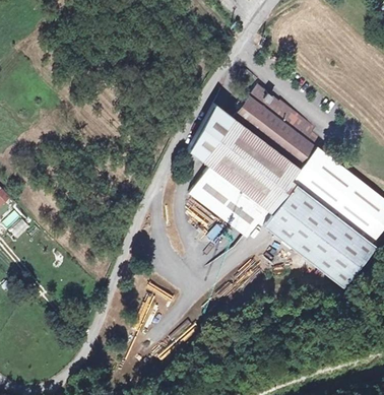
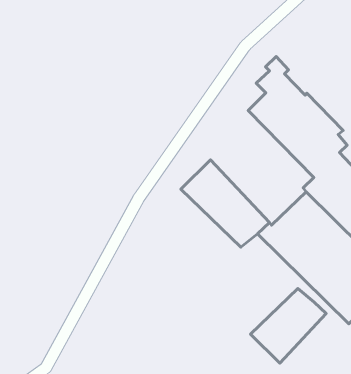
building: [186,104,297,215] -> none
building: none -> [251,289,326,363]

